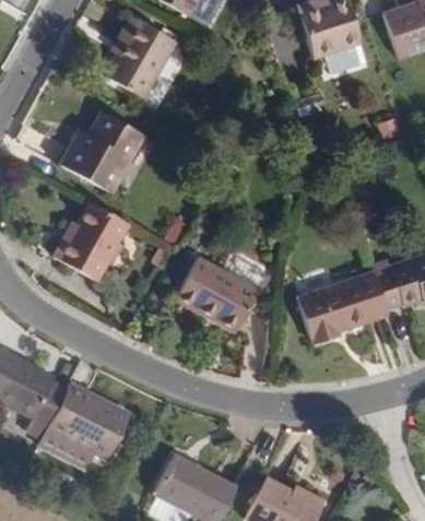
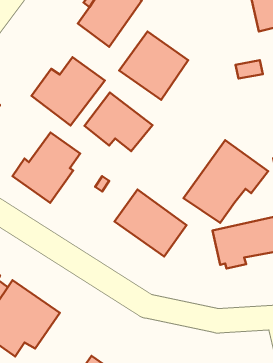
building: none -> [119,31,188,100]
building: none -> [84,92,153,151]
building: none -> [184,140,268,223]

